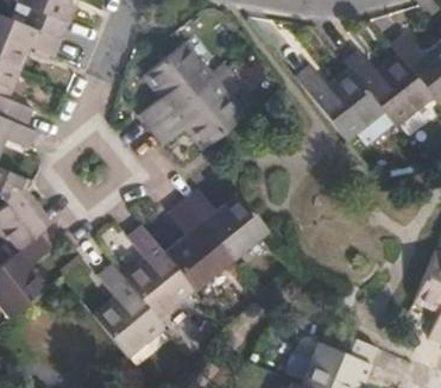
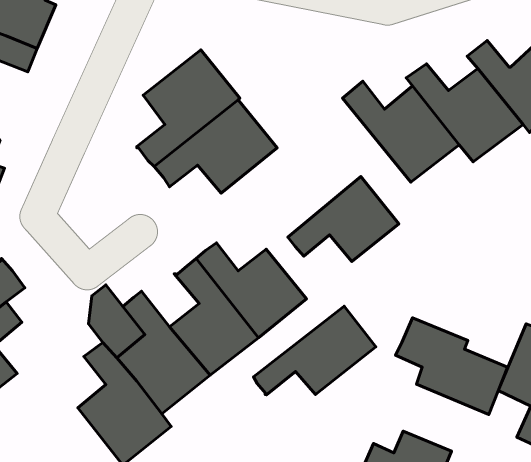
building: none -> [288,177,399,262]
building: none -> [254,306,376,395]
building: none -> [396,318,507,414]

